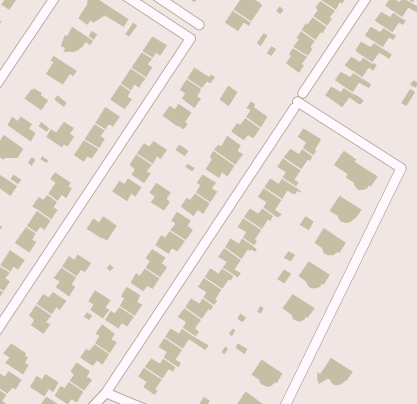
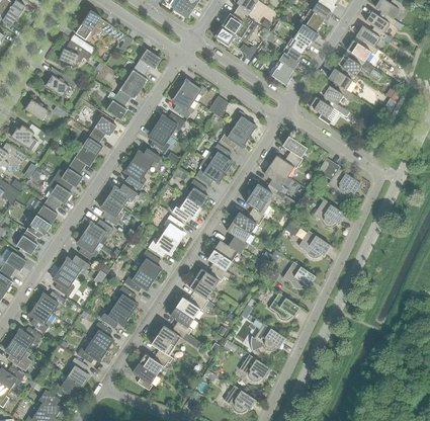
building: none -> [147,124,170,154]
building: [45,121,75,149] -> [54,162,82,188]
building: [148,182,172,212] -> [100,196,122,225]
building: [87,289,112,319] -> [76,232,99,260]
building: [317,357,354,386] -> [250,323,285,350]
building: [29,373,60,397] -> [12,326,41,349]

